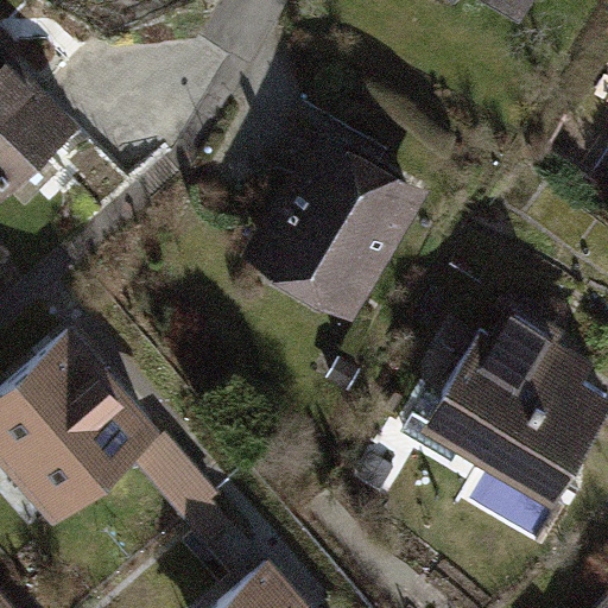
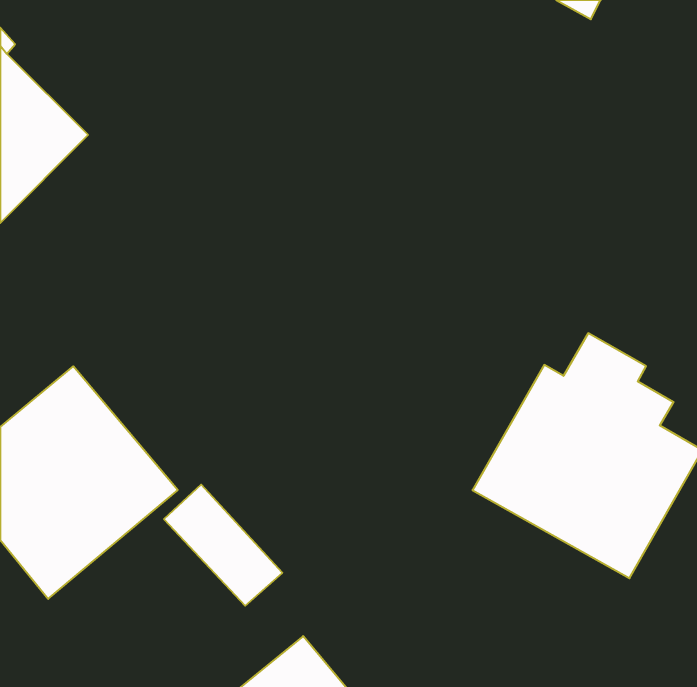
building: [236,133,425,330] -> none

